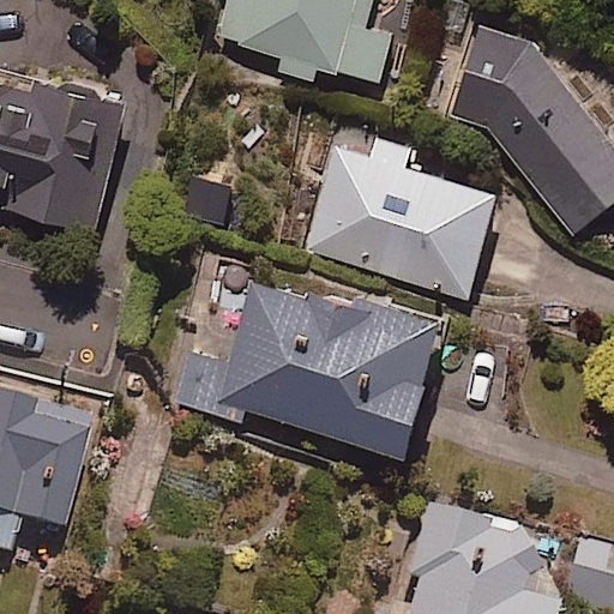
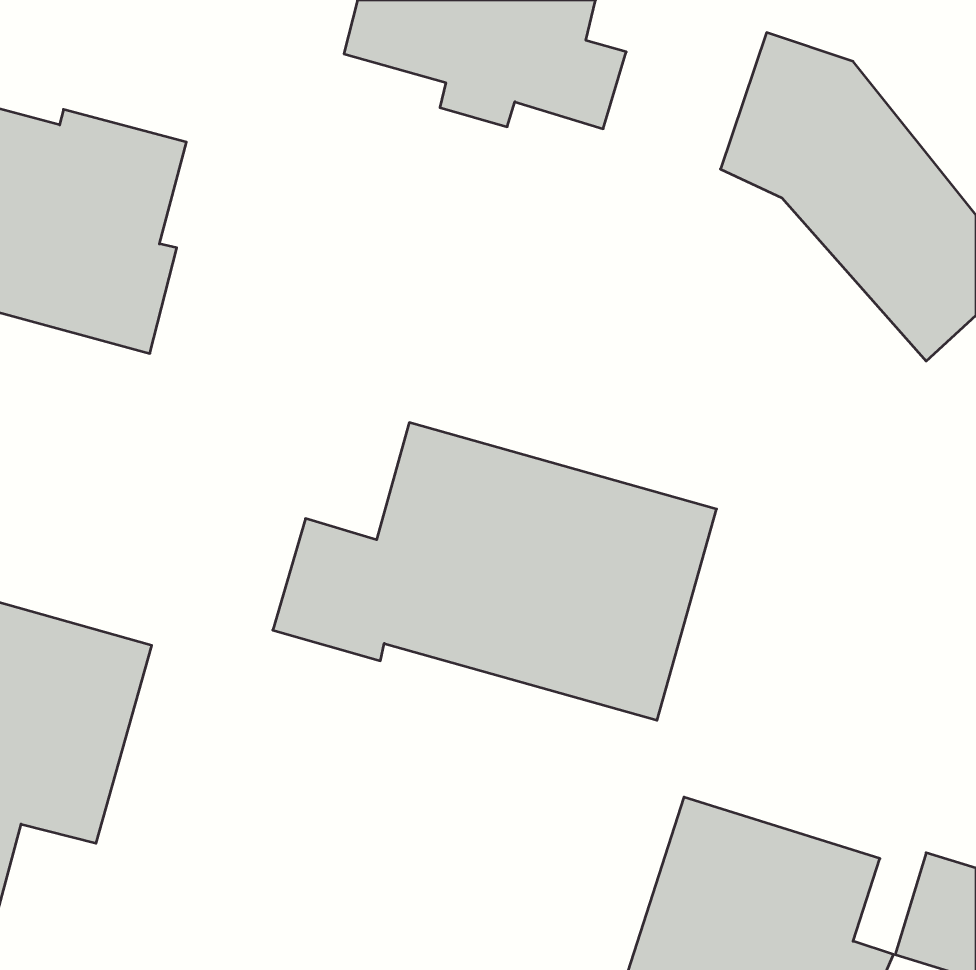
building: [307,132,498,297] -> none

